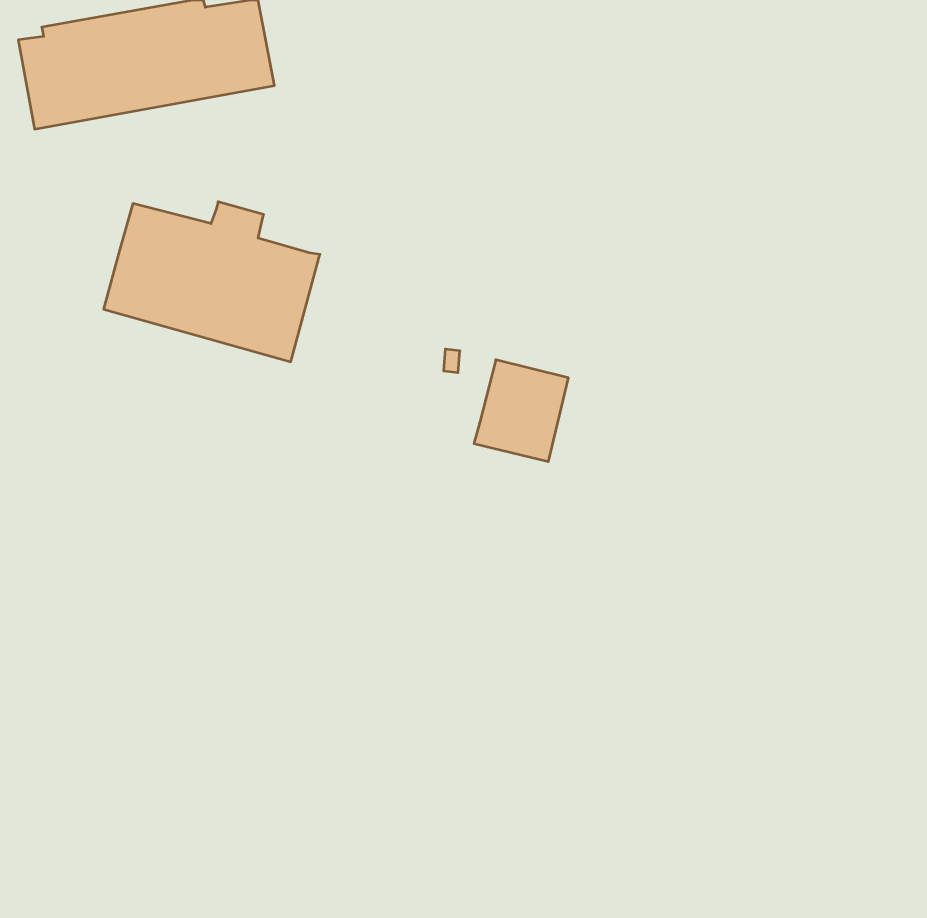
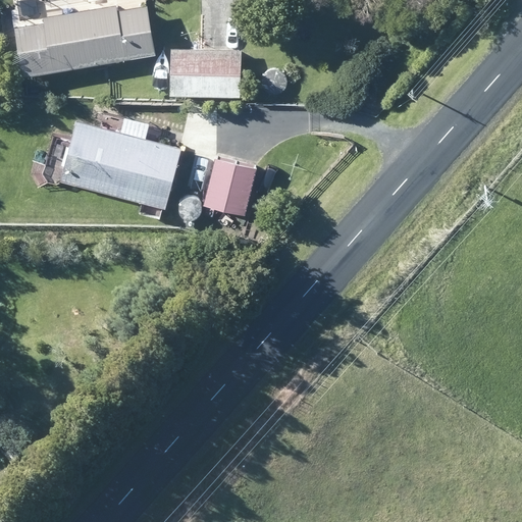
building: none -> [168,50,241,100]
building: [474,360,568,462] -> [203,160,256,217]

